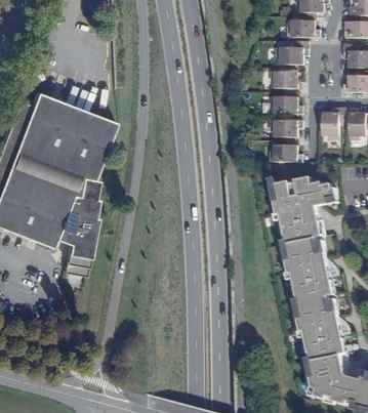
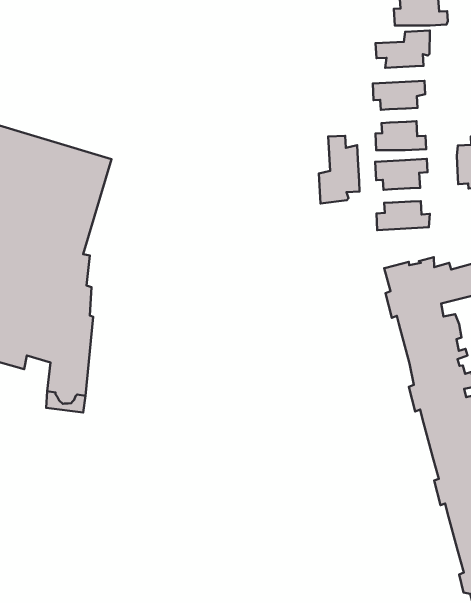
building: none -> [319,136,360,204]

